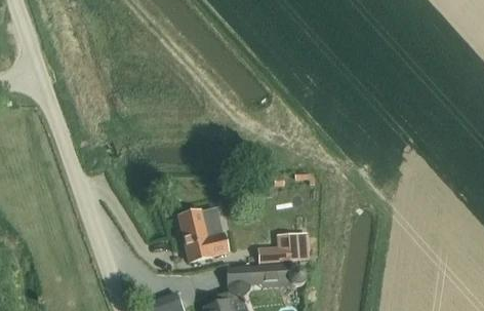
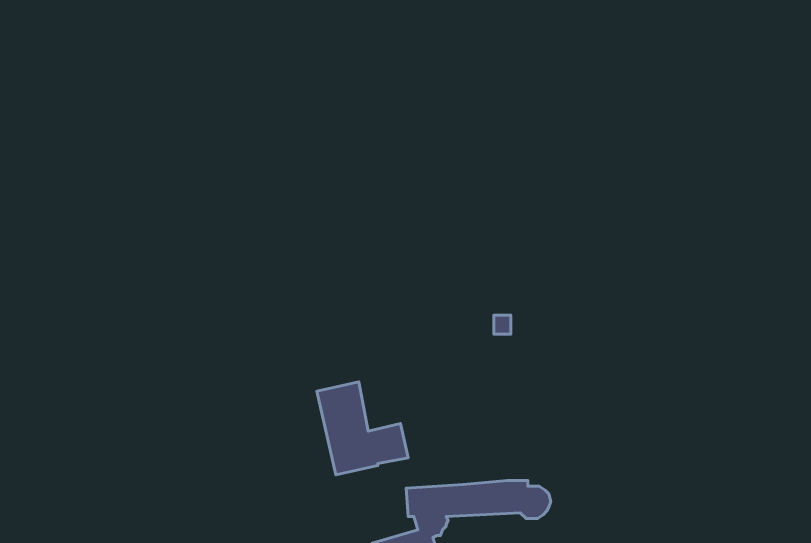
building: [257,232,300,262] -> none

